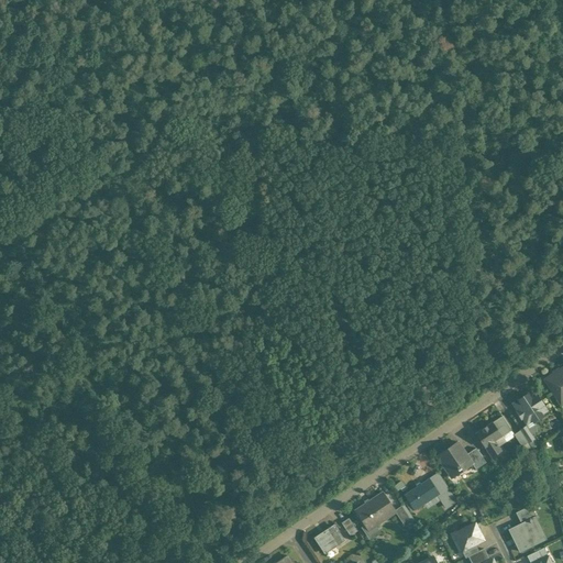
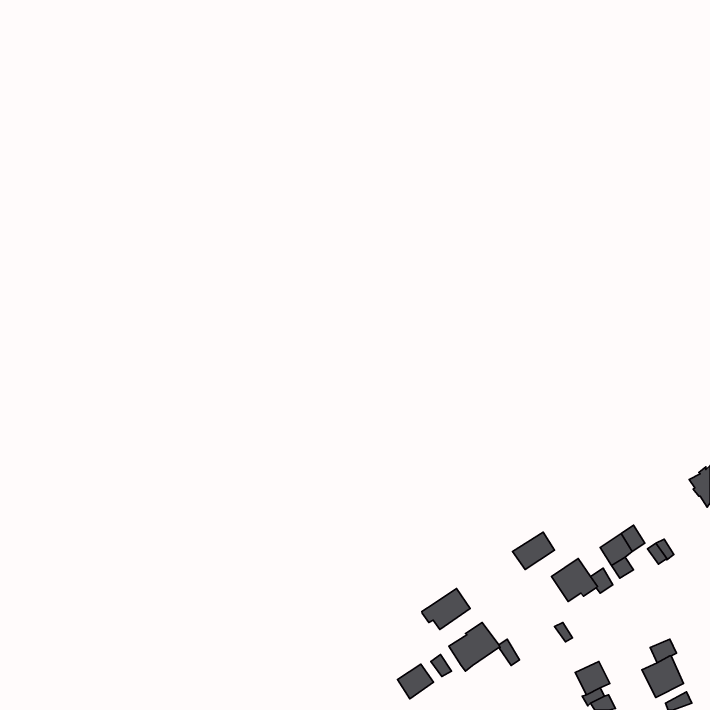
building: [512,394,544,424] -> none
building: none -> [422,588,470,629]
building: [405,479,438,509] -> [513,532,554,570]

